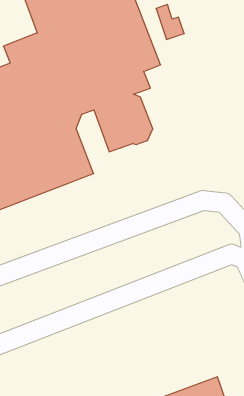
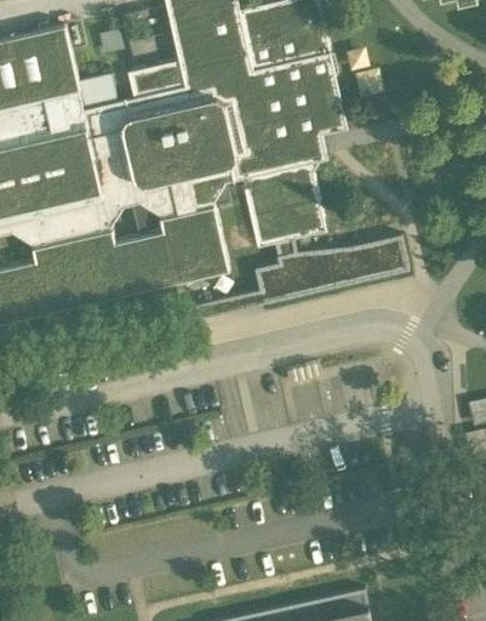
building: none -> [256,235,410,304]

